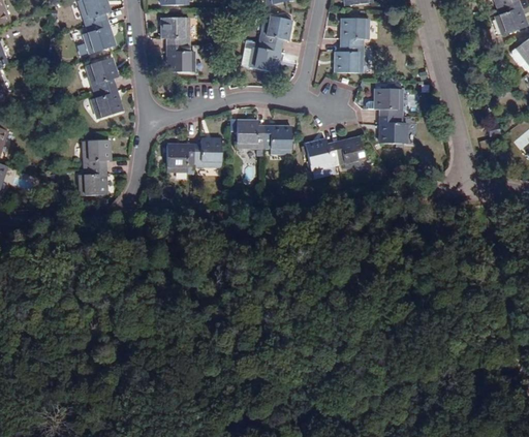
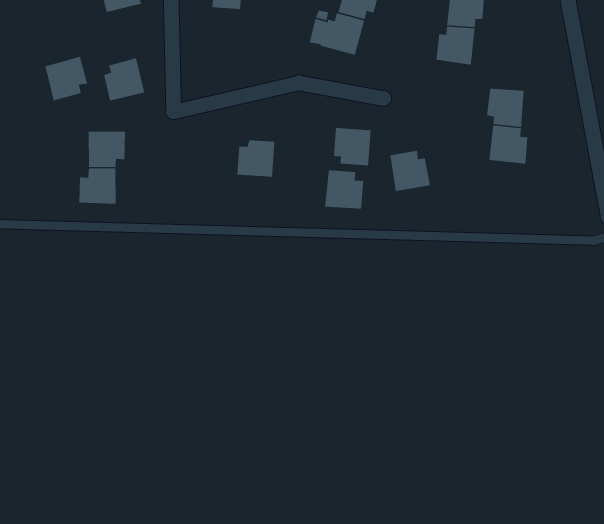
building: [167,44,194,72] -> none
building: [86,57,119,92] -> [45,56,88,101]
building: [237,120,264,148] -> [324,169,364,210]
building: [333,137,366,167] -> none
building: [166,144,194,171] -> none

